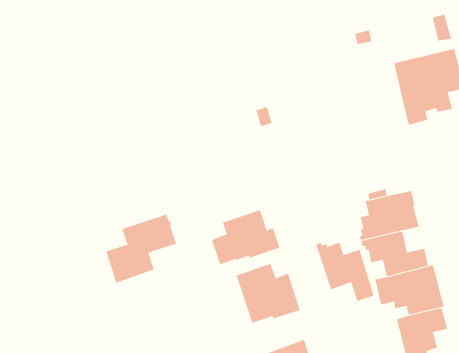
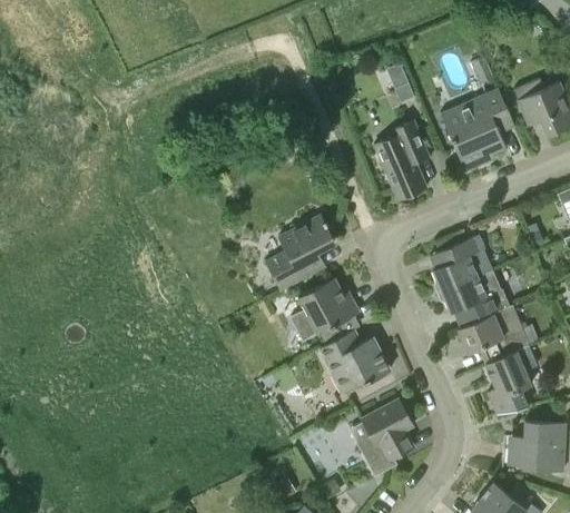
building: none -> [374,120,430,200]
building: [105,214,177,283] -> [266,215,335,292]
building: [316,242,374,302] -> none

